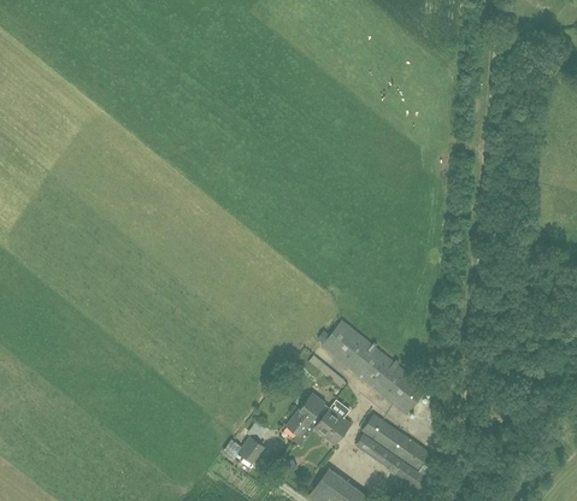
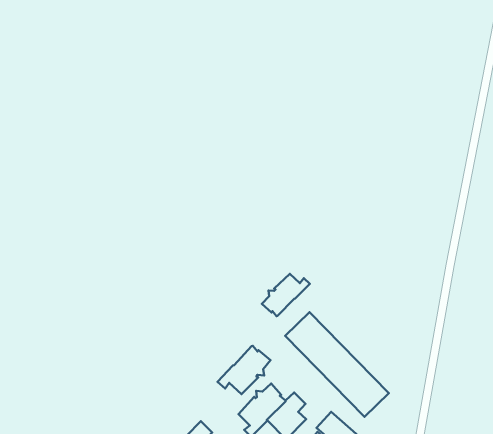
building: none -> [262,274,310,316]
building: none -> [217,346,271,394]

